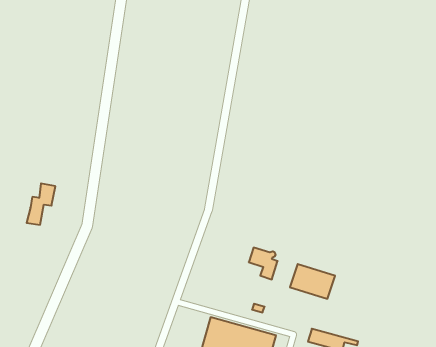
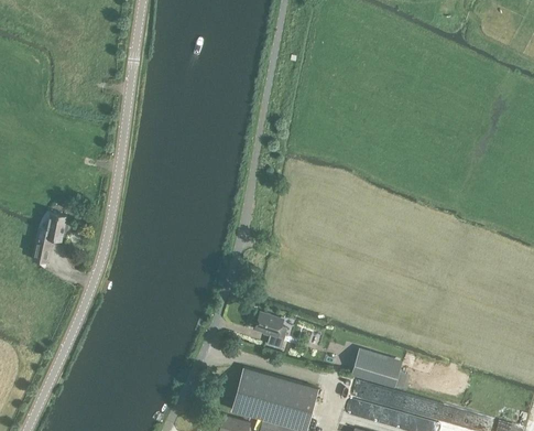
building: [249,248,278,279] -> [252,311,285,347]
building: [290,264,335,299] -> [350,347,402,387]

